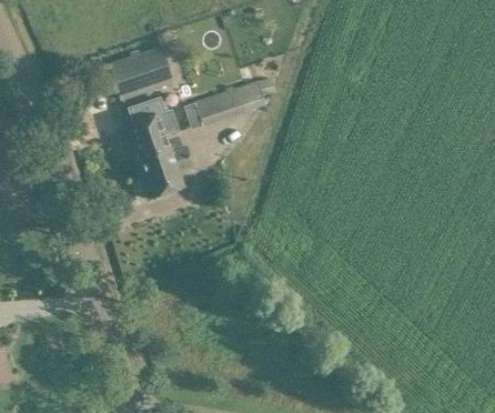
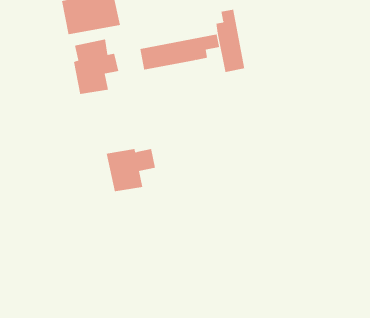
building: none -> [216,9,245,73]
building: [141,147,193,195] -> [106,149,156,192]

